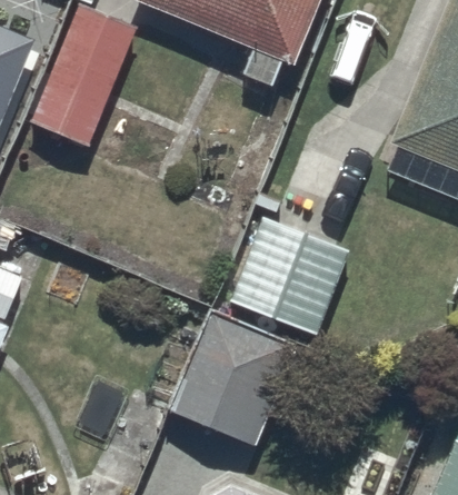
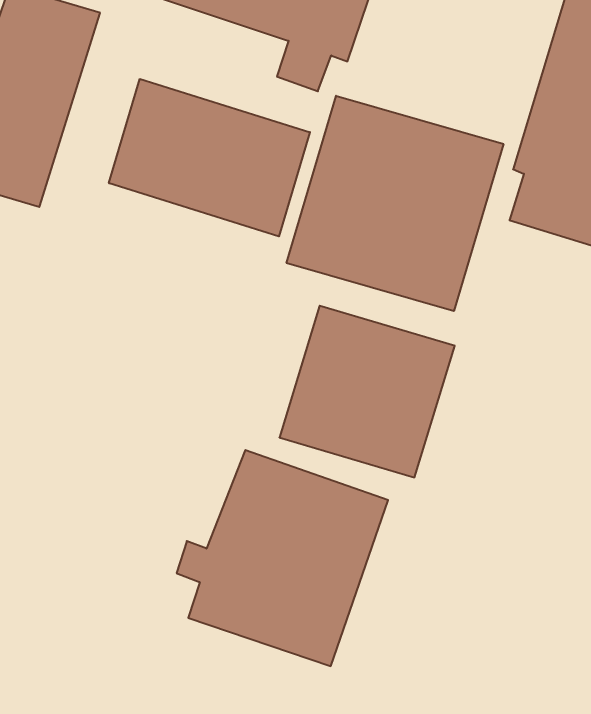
building: none -> [109,79,310,236]
building: none -> [287,96,503,311]

